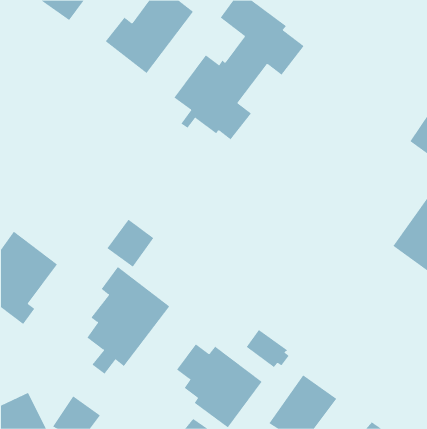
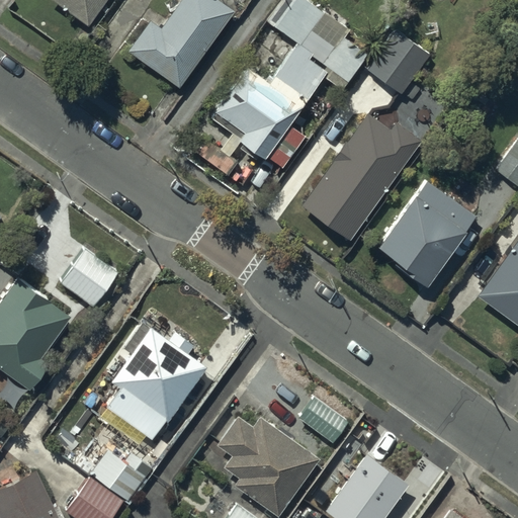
building: none -> [367,30,430,95]
building: none -> [304,109,417,232]
building: none -> [377,181,479,289]
building: [106,219,154,268] -> [62,250,119,309]
building: none -> [90,450,147,503]

